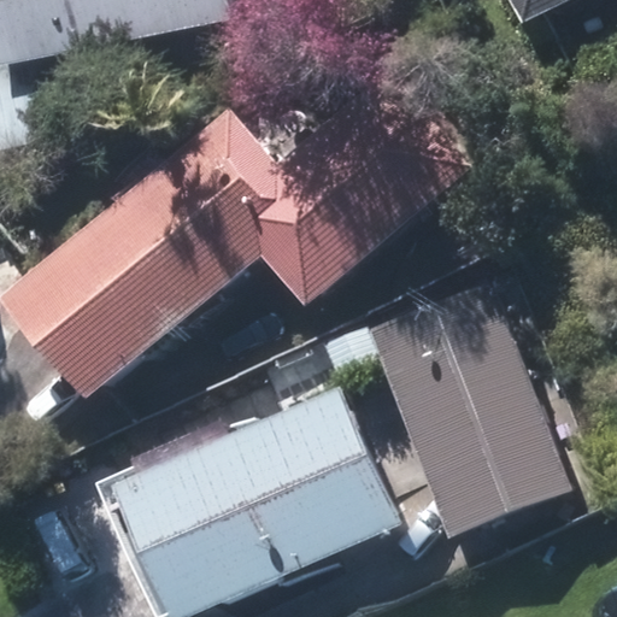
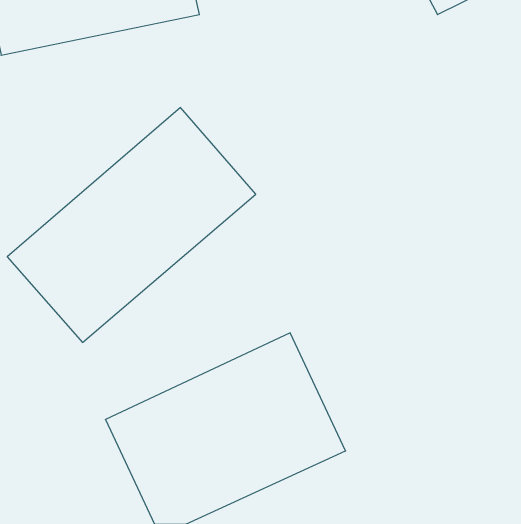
building: [366,280,565,527] -> none

